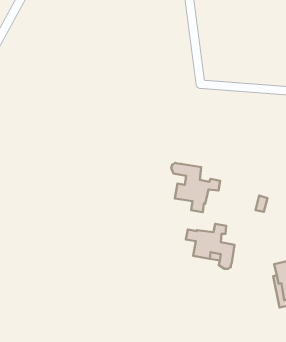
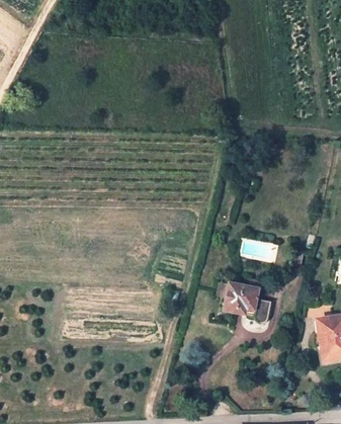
building: [171,163,220,212] -> none

